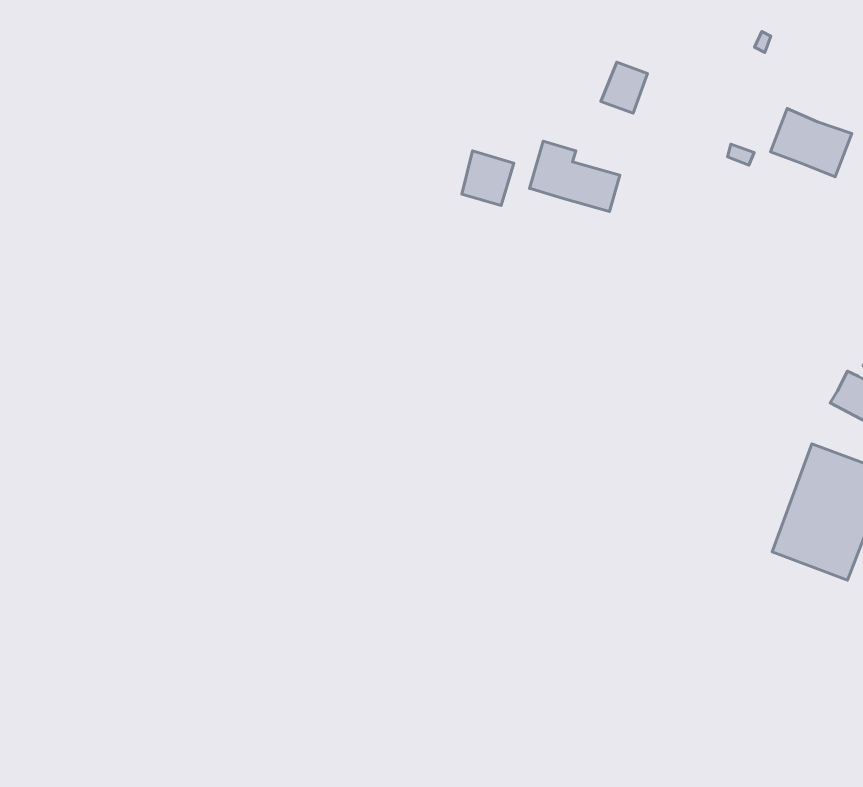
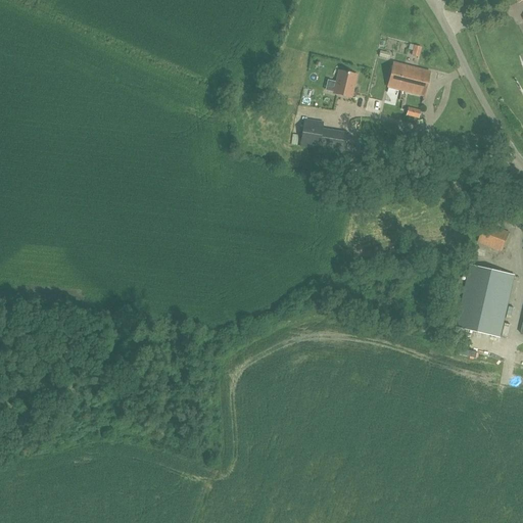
building: [771,109,852,177] -> [387,60,430,94]
building: [462,151,514,206] -> none

